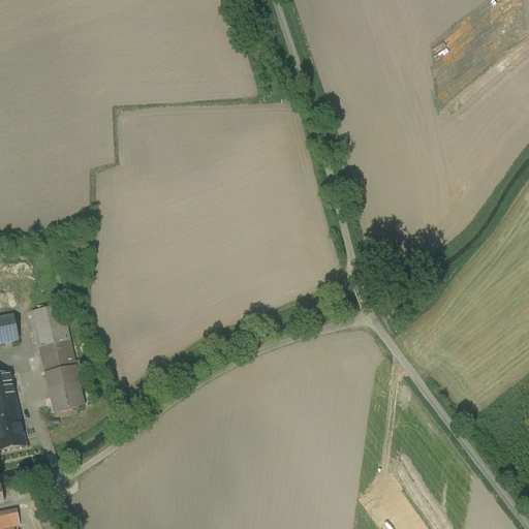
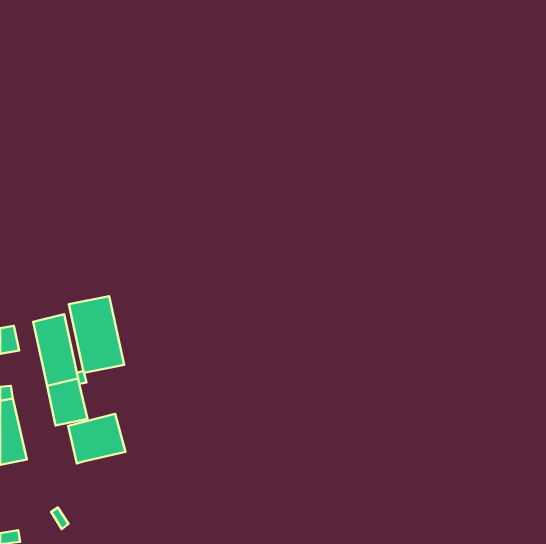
building: none -> [69,296,124,373]
building: none -> [68,414,126,463]

